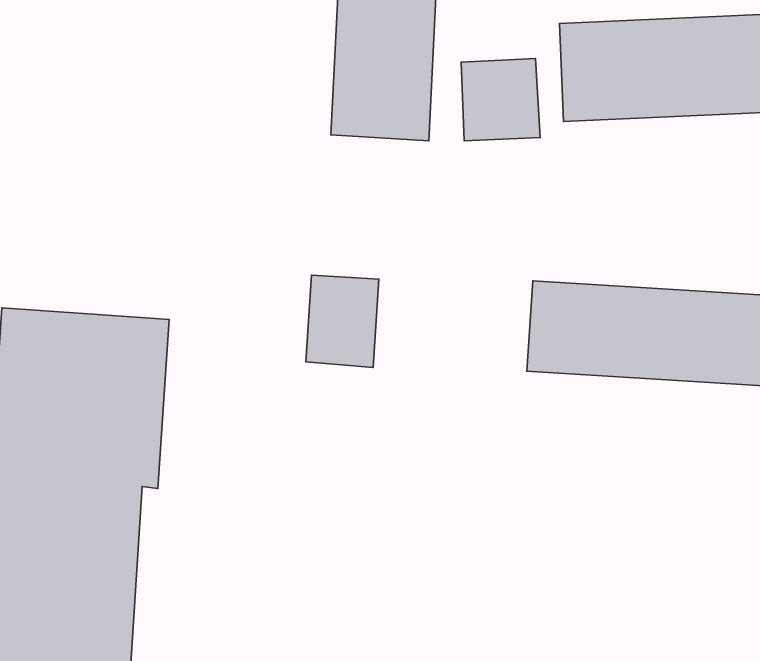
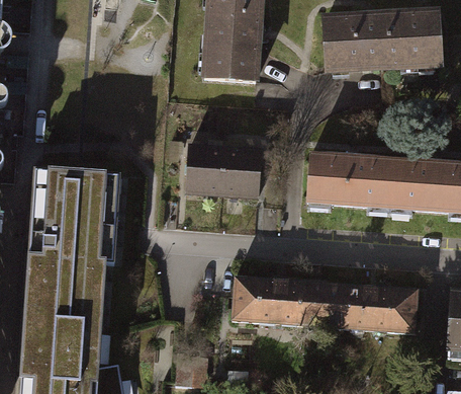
building: [461,59,540,141] -> none
building: none -> [225,153,264,202]
building: none -> [229,277,416,332]

